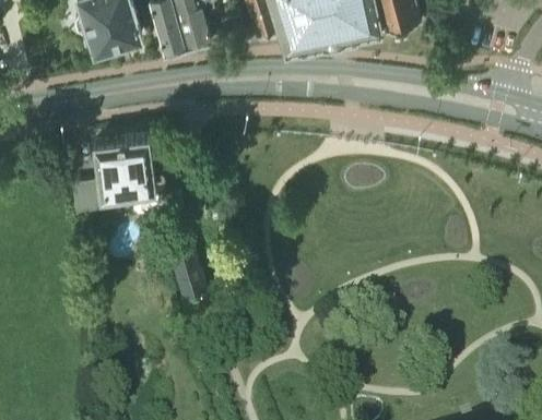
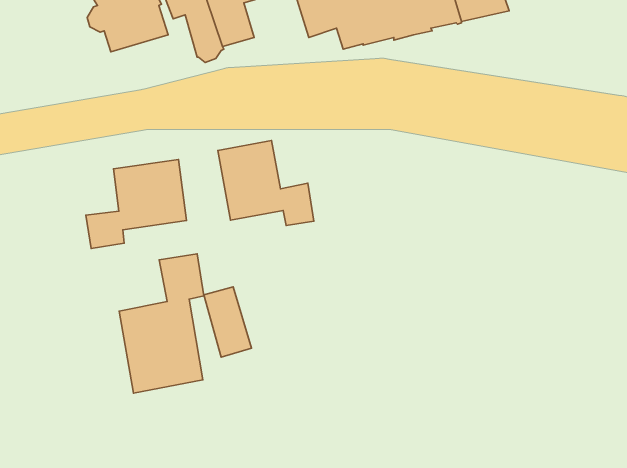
building: none -> [218,141,314,226]
building: none -> [119,254,204,393]

